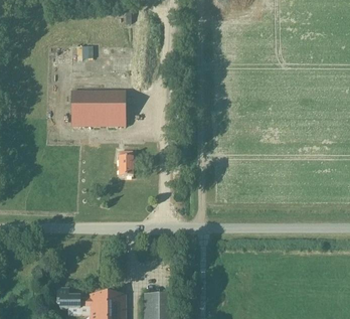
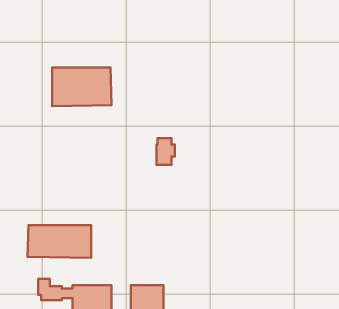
building: [119,150,136,175] -> [156,138,175,165]
building: none -> [27,225,91,258]

